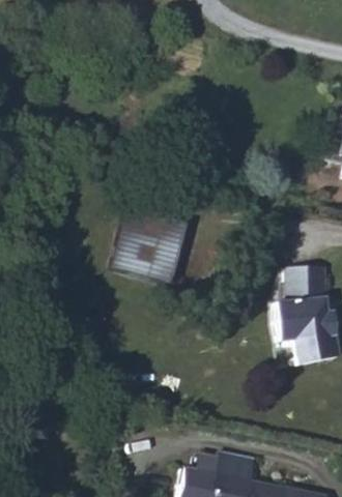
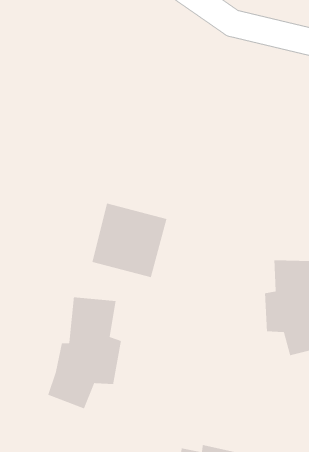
building: none -> [47,297,122,410]

